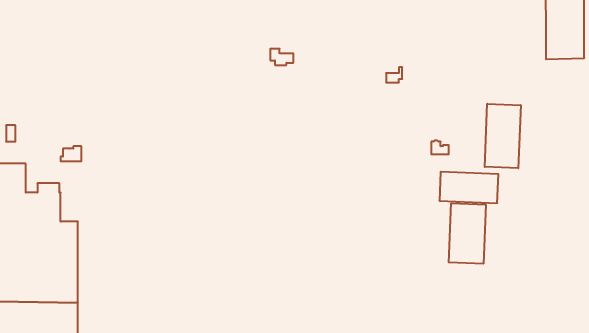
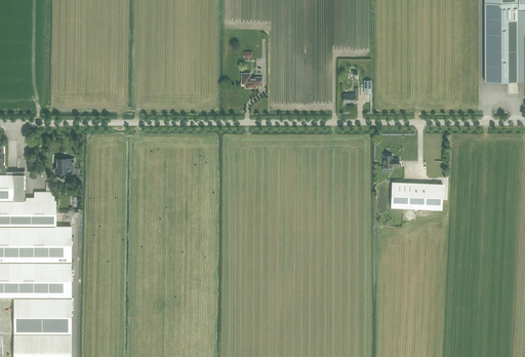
building: [485,104,521,168] -> none
building: [449,203,486,264] -> none

